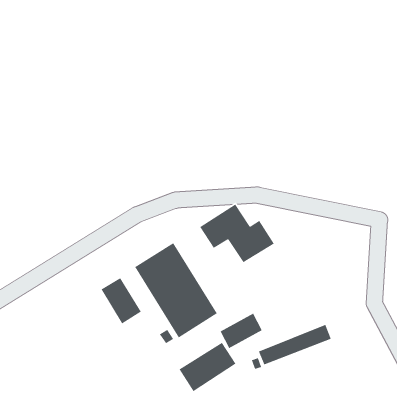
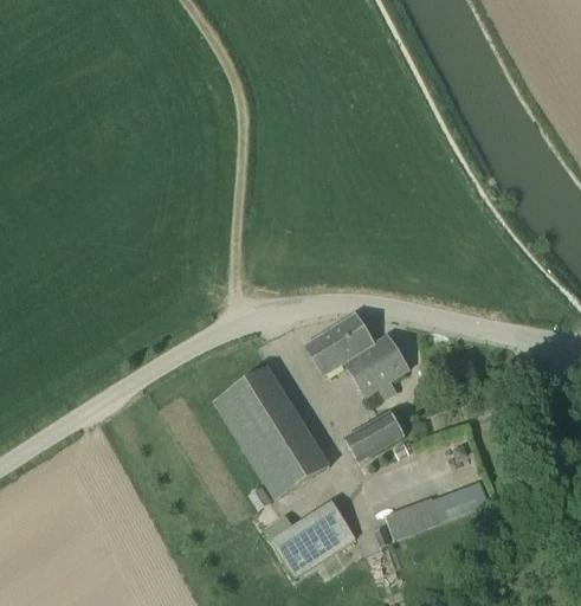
building: [100,277,142,324] -> none
building: [219,312,263,349] -> [344,410,405,460]

